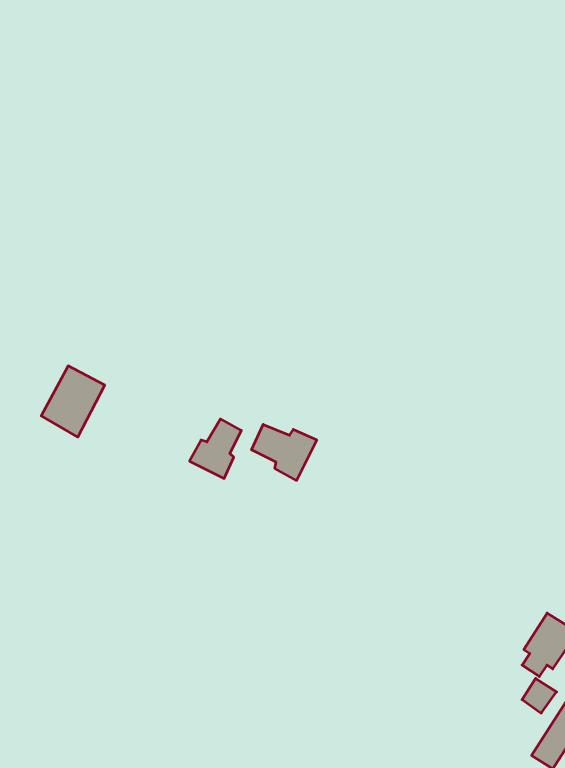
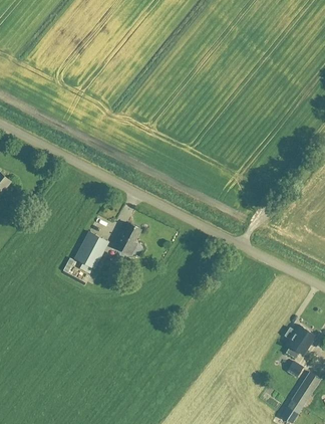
building: [41,366,105,437] -> [74,232,107,269]
building: [252,424,317,480] -> none

